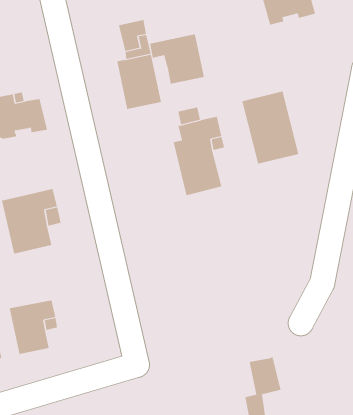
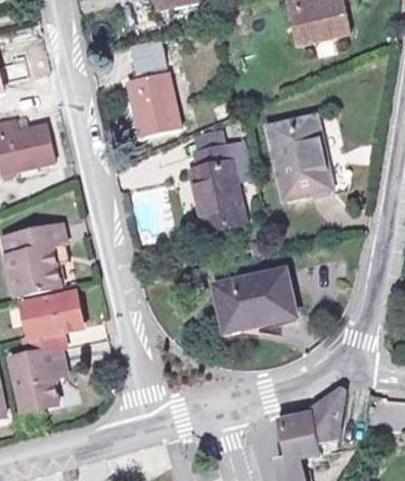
building: [150,34,205,84] -> none
building: none -> [214,270,295,328]
building: none -> [21,298,78,355]
building: none -> [302,387,341,440]

